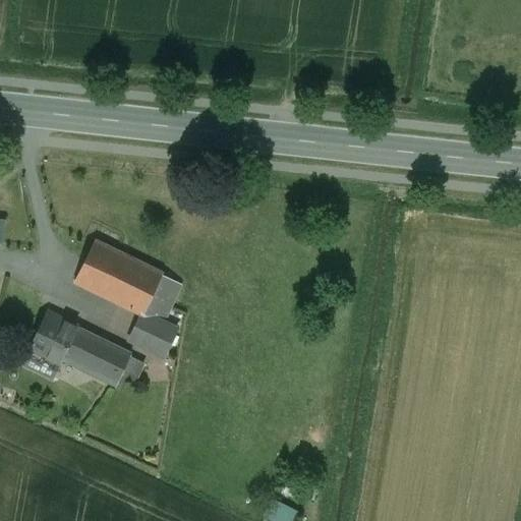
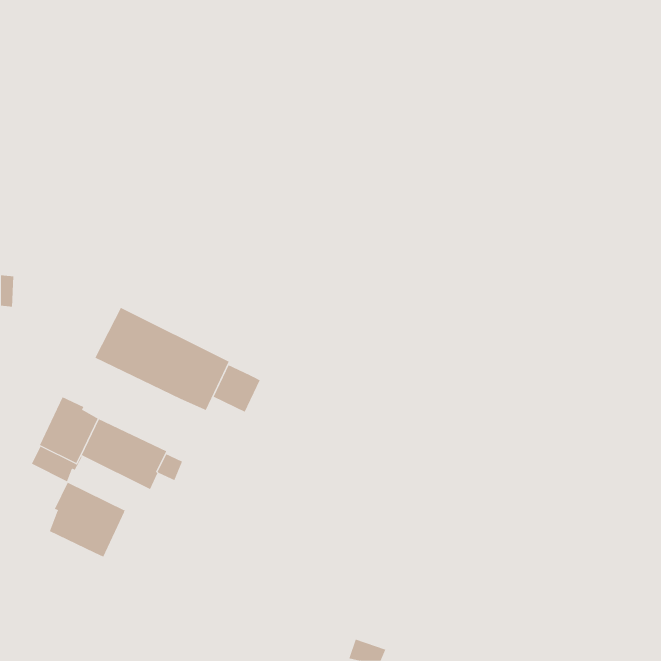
building: [131,313,169,351] -> [213,365,261,412]
building: none -> [49,482,126,557]

